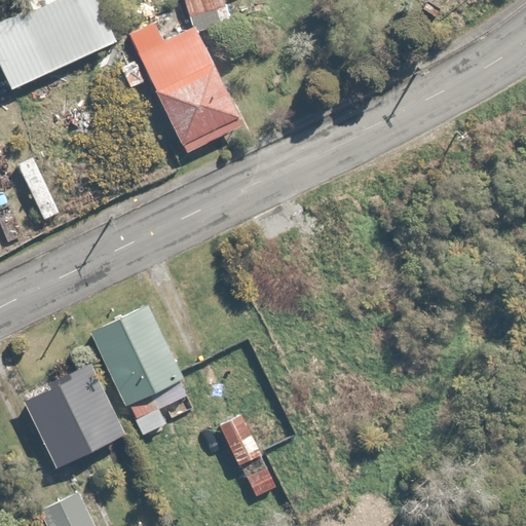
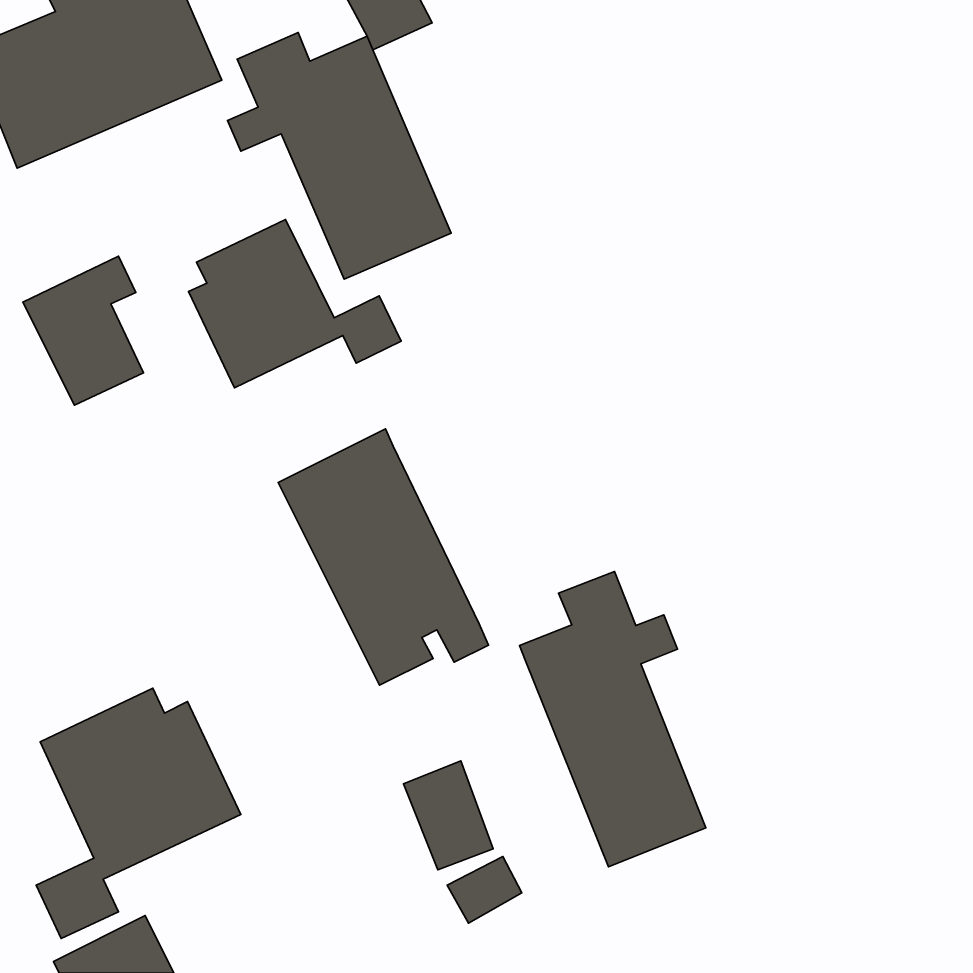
building: none -> [188,219,401,388]
building: [85,299,198,437] -> [278,429,489,685]
building: none -> [520,571,706,867]

